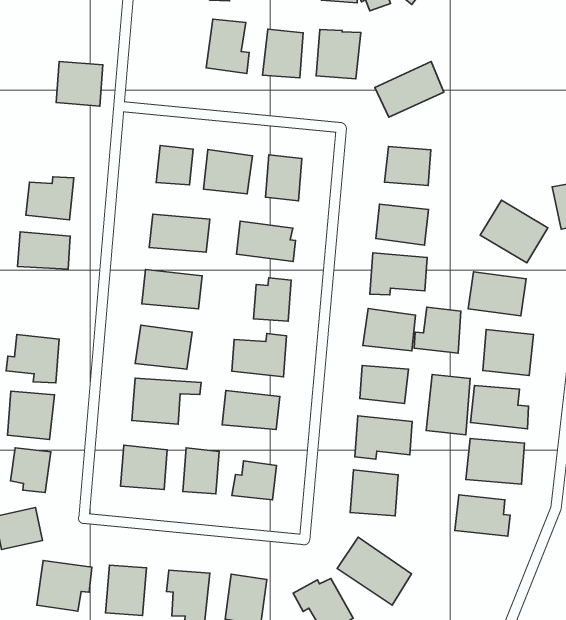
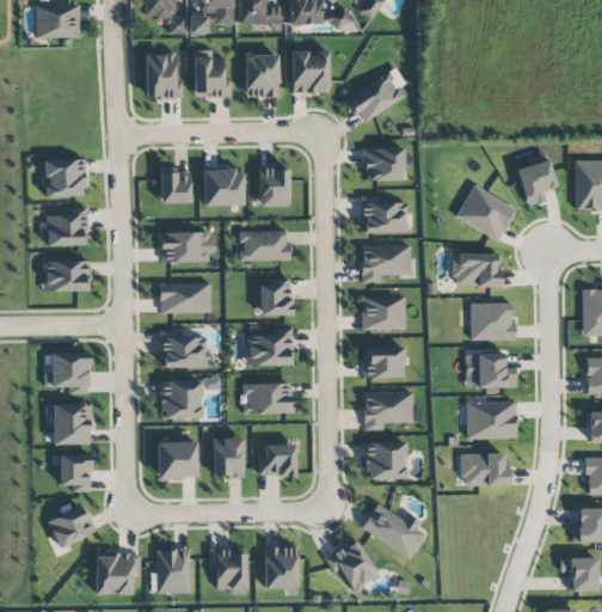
building: none -> [145,53,182,98]
building: [56,62,103,106] -> [43,159,84,197]
building: [414,307,461,353] -> none
building: [426,374,470,435] -> none

